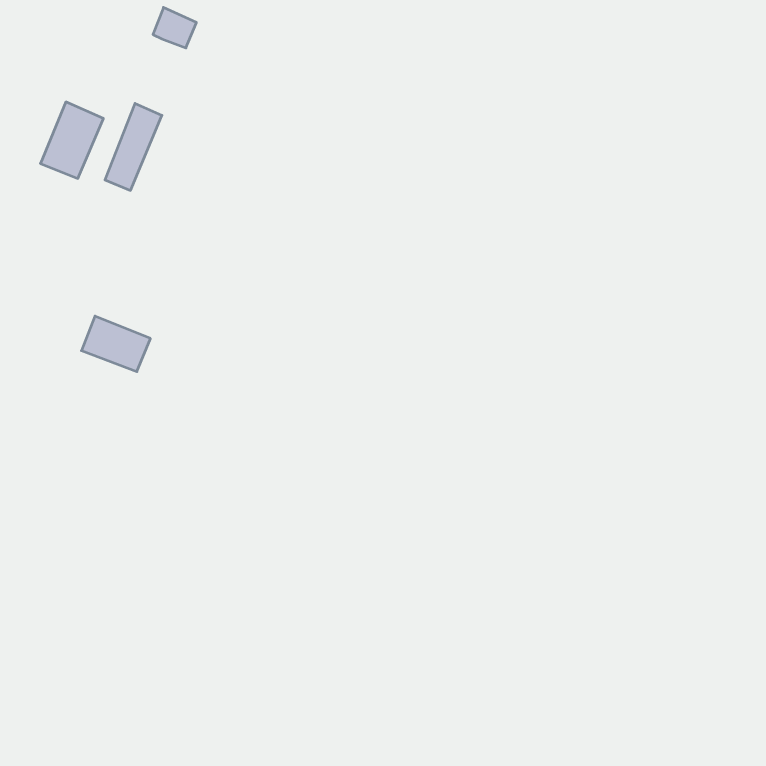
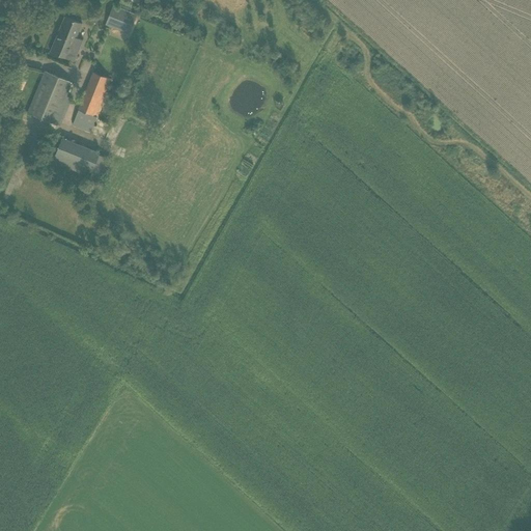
building: none -> [51,17,83,61]
building: [81,316,150,372] -> [52,138,100,176]

